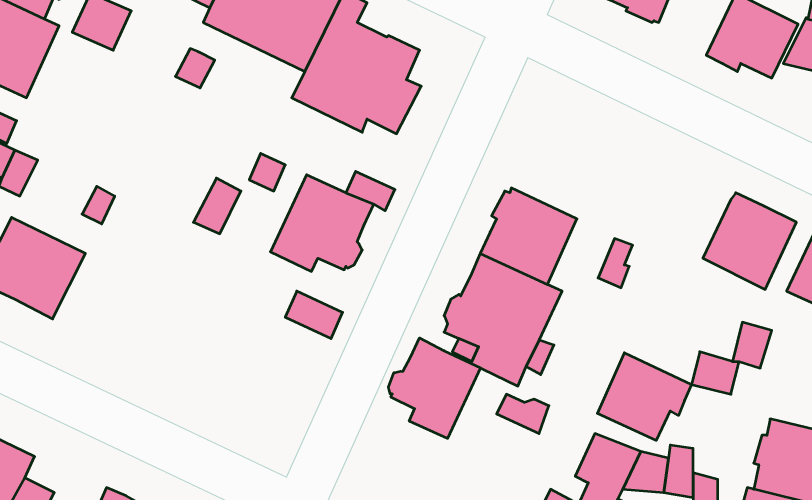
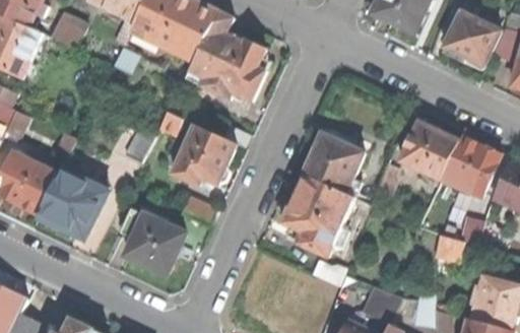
building: none -> [400,121,458,180]
building: none -> [38,170,106,237]
building: none -> [119,207,185,273]
building: [388,338,480,438] -> none
building: [597,353,692,440] -> none

